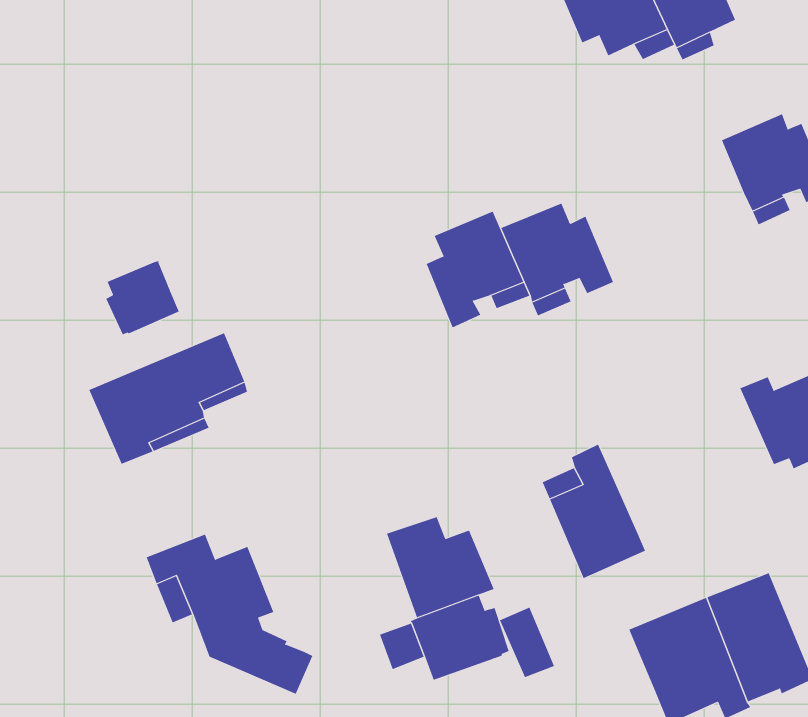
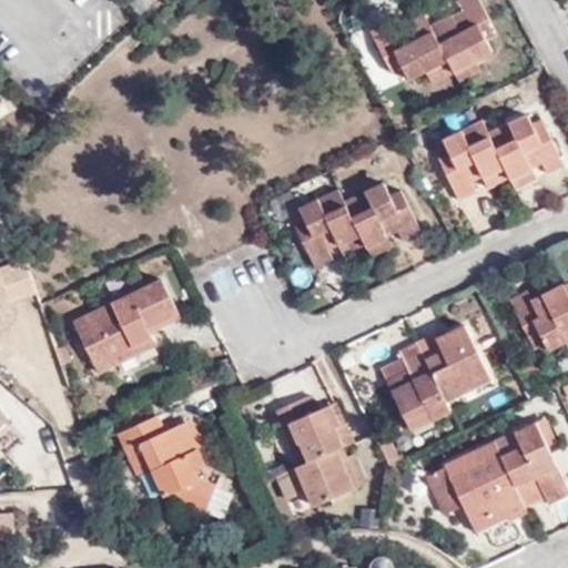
building: none -> [438,122,504,201]
building: [105,260,179,335] -> none
building: none -> [416,324,491,400]
building: [499,607,555,678] -> [424,467,463,515]

